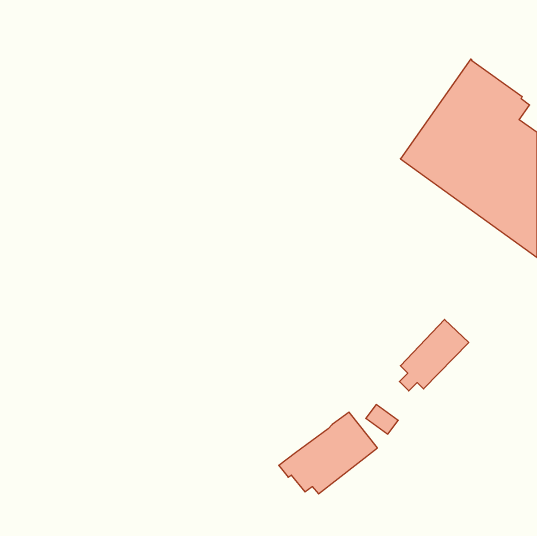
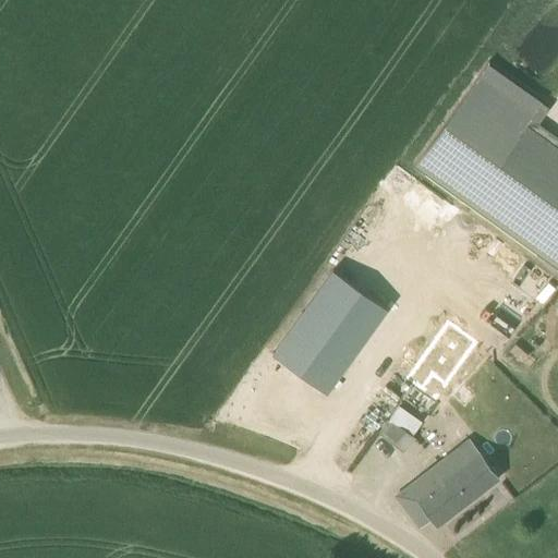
building: none -> [275,272,385,390]
building: [279,412,377,494] -> [397,441,499,526]

